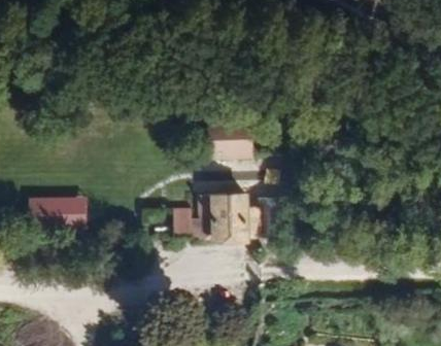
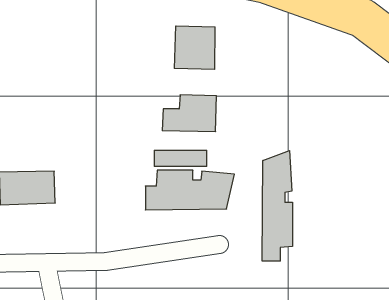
building: none -> [174,26,215,69]
building: none -> [262,151,292,261]

